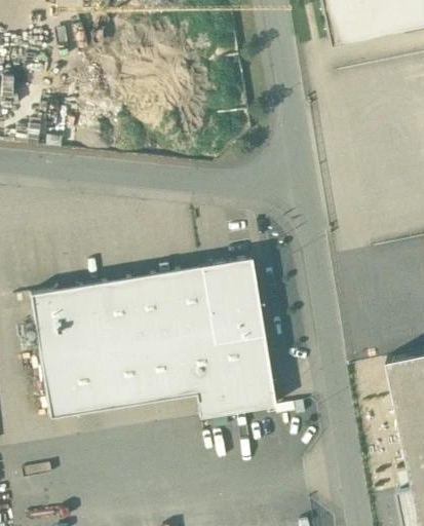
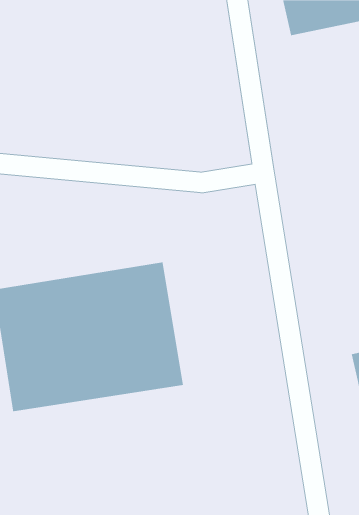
building: [198,259,277,419] -> none

